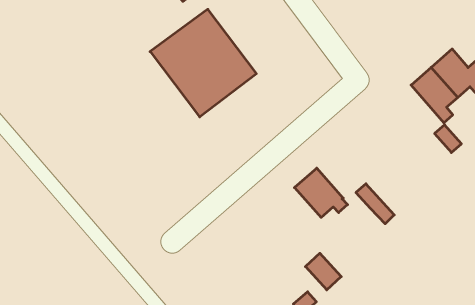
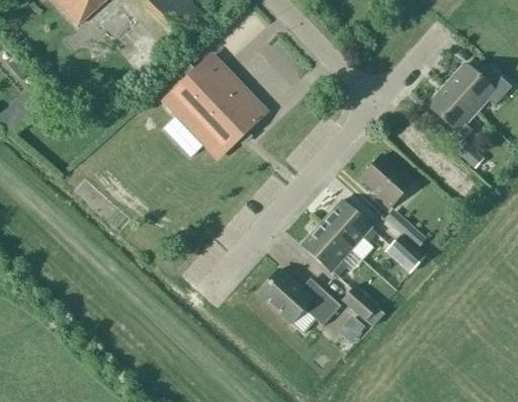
building: none -> [361,154,414,207]
building: none -> [300,221,351,275]
building: none -> [384,233,425,272]
building: none -> [257,268,341,325]

